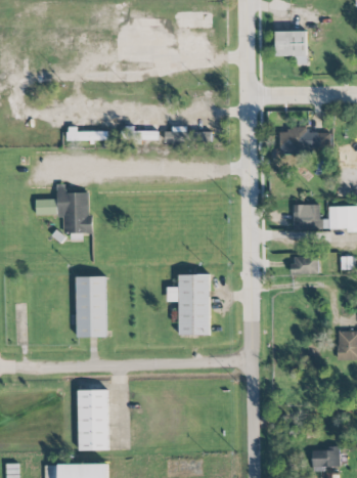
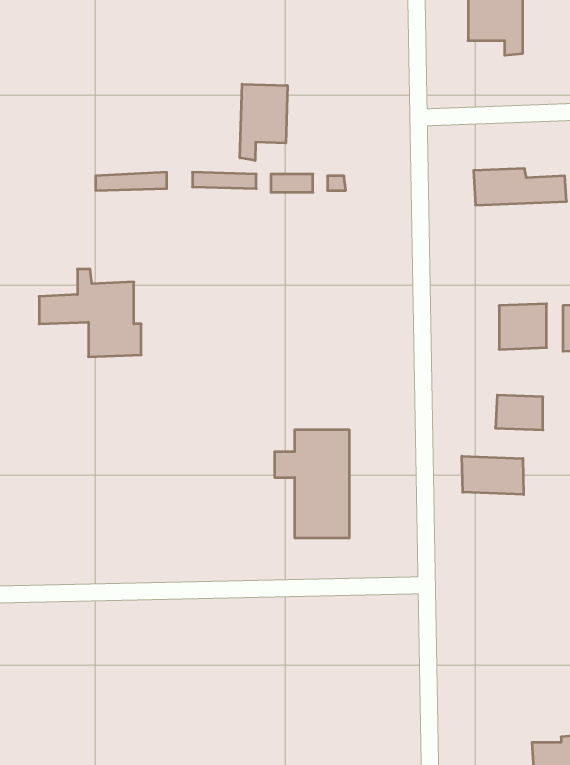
building: none -> [240,84,287,161]
building: [77,275,107,337] -> none
building: none -> [462,456,524,495]
building: [79,389,108,450] -> none

